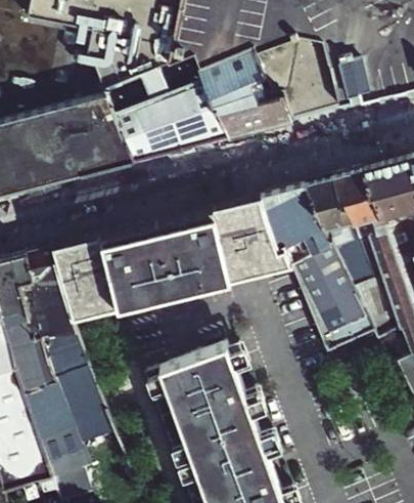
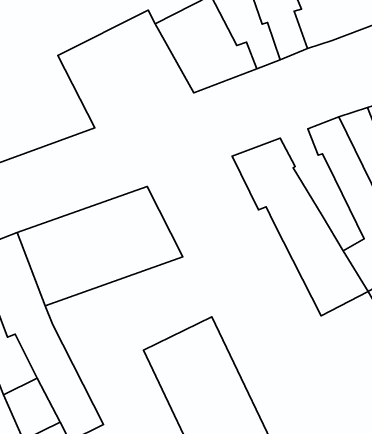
building: [109,59,232,164] -> none
building: [308,184,357,266] -> none
building: [180,203,294,292] -> none

